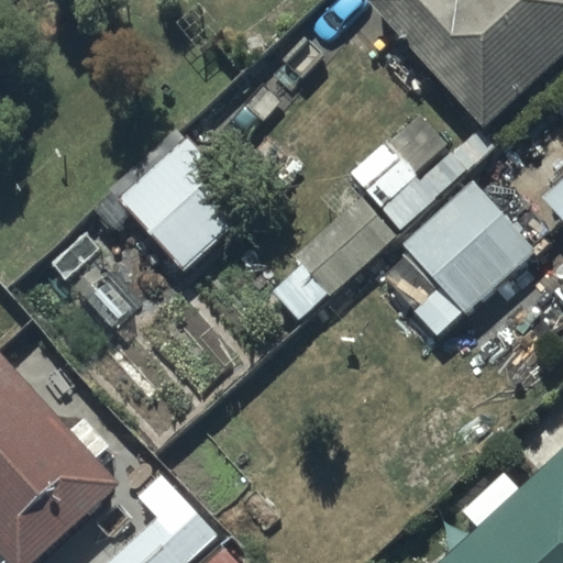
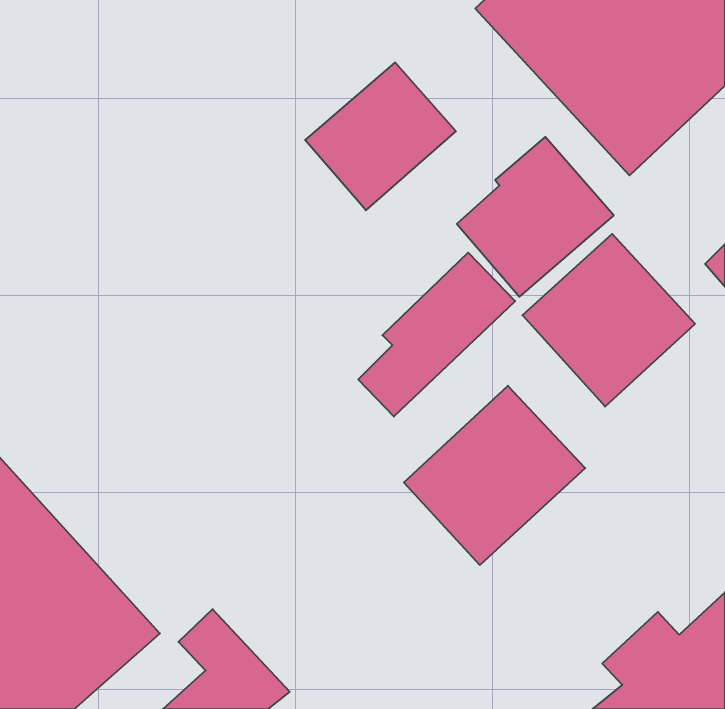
building: none -> [305,62,456,210]
building: [117,139,251,272] -> none
building: none -> [404,386,585,565]

